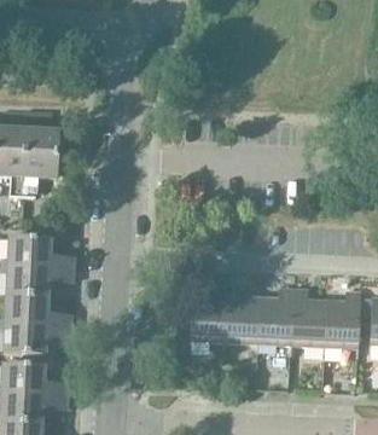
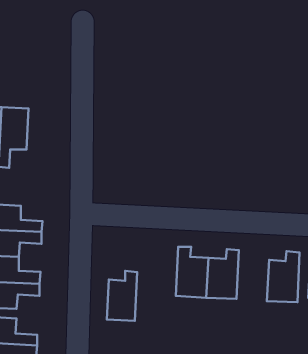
building: [191,284,225,340] -> [107,271,137,321]
building: [290,289,326,346] -> none

